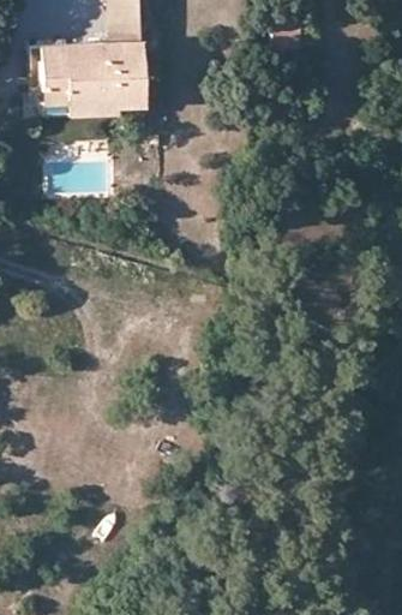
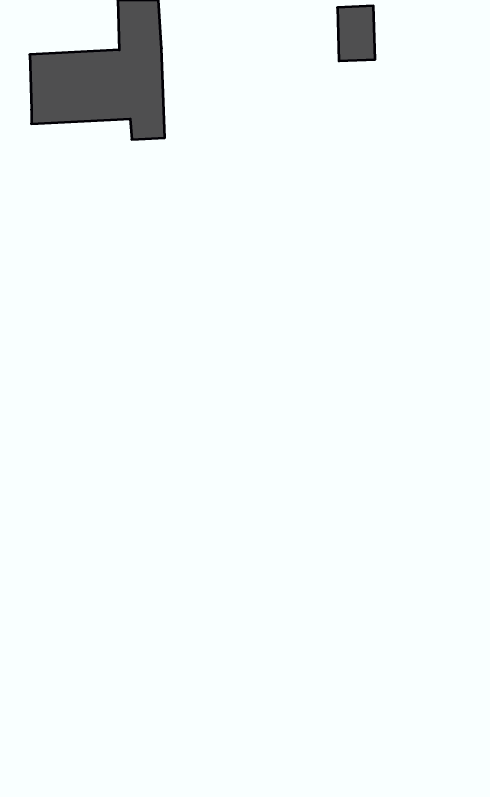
building: [34,86,120,117] -> none

